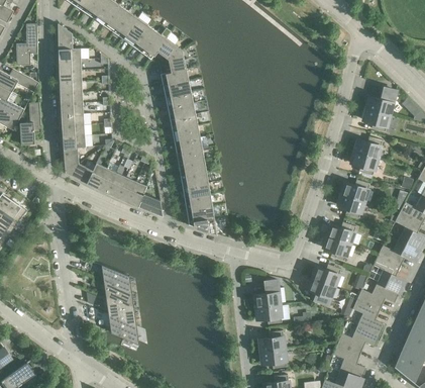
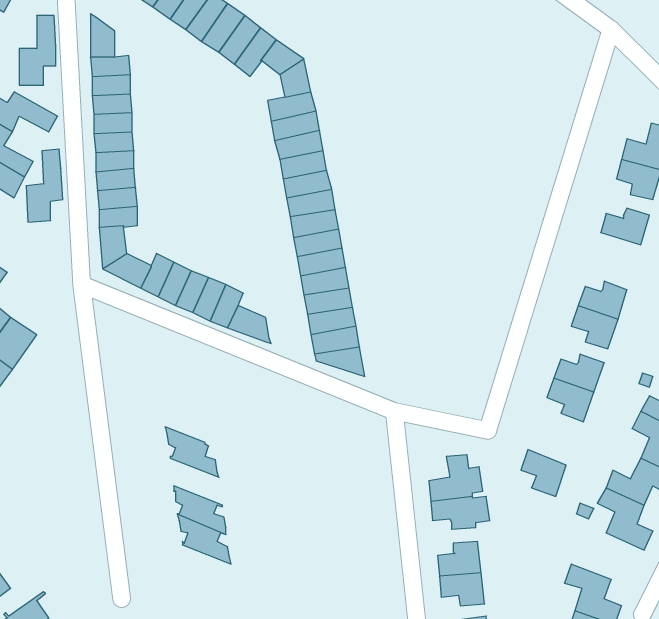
building: [351,151,378,175] -> none
building: [312,264,341,286] -> none
building: [104,282,134,309] -> none
building: [337,325,380,353] -> none

